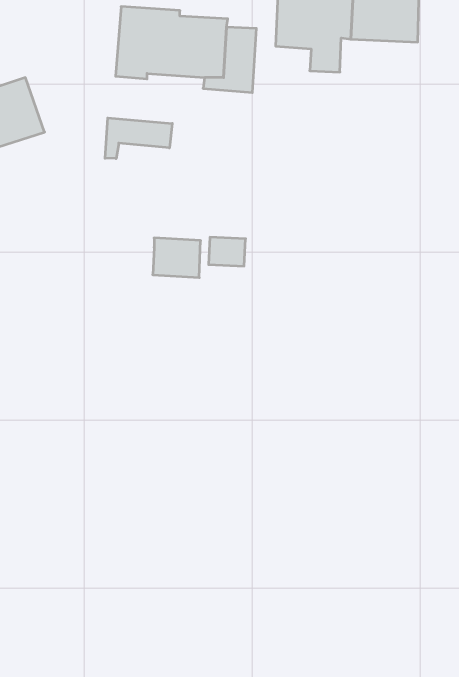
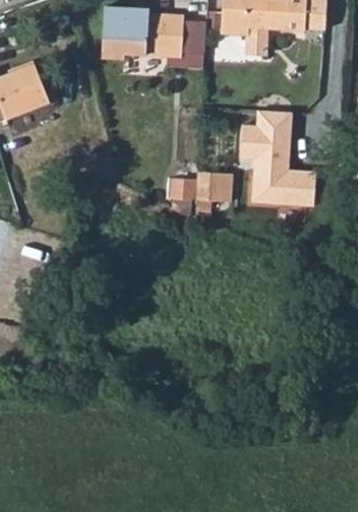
building: [105,118,172,159] -> none
building: none -> [240,111,315,206]
building: [153,238,201,278] -> [196,172,232,201]

